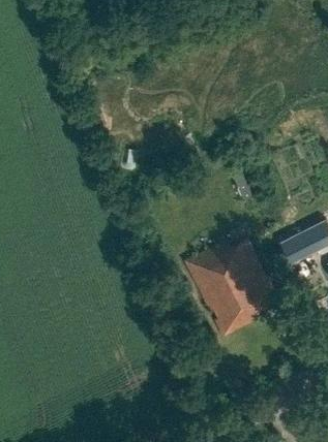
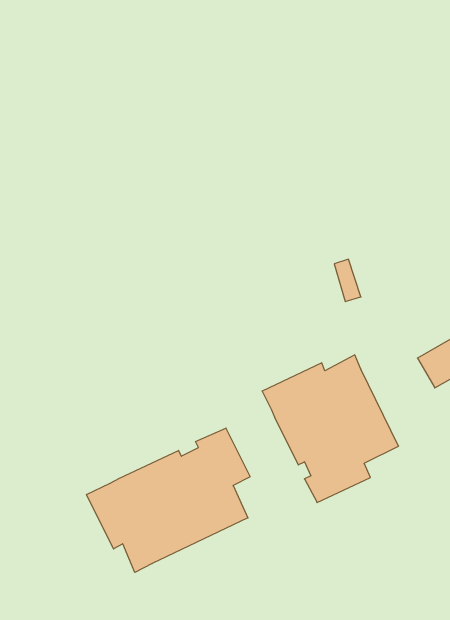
building: none -> [87,428,250,572]

